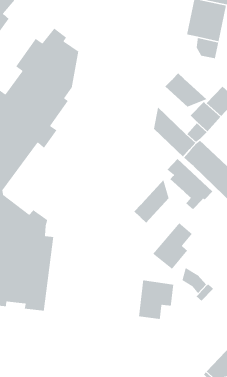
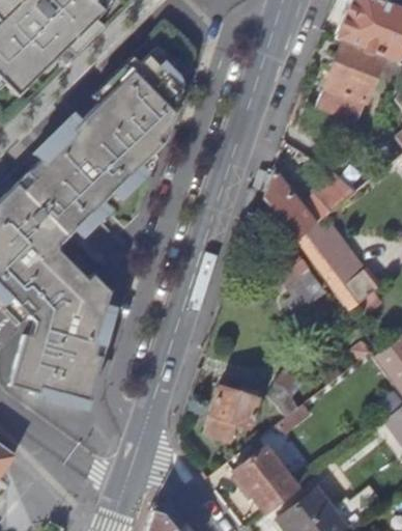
building: [165,72,208,108] -> none
building: [134,179,170,224] -> none
building: [152,222,193,270] -> none
building: none -> [233,444,297,510]

